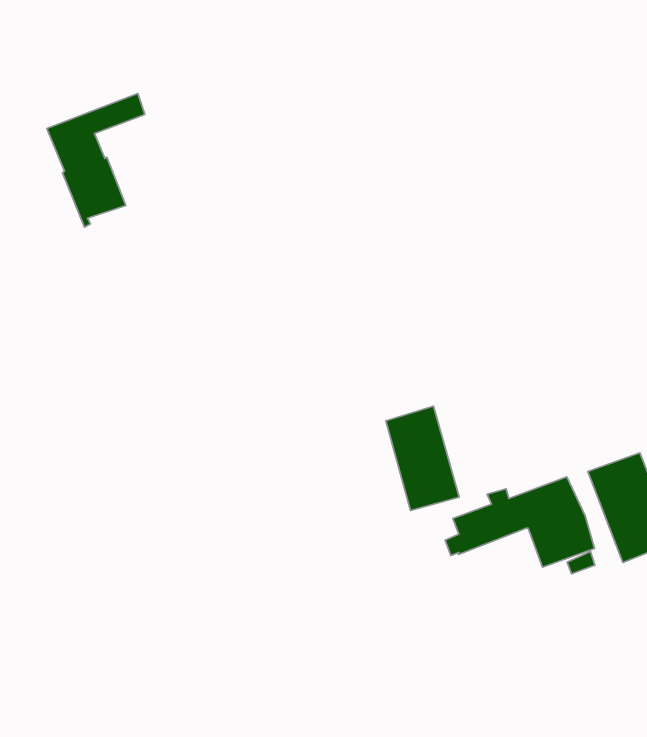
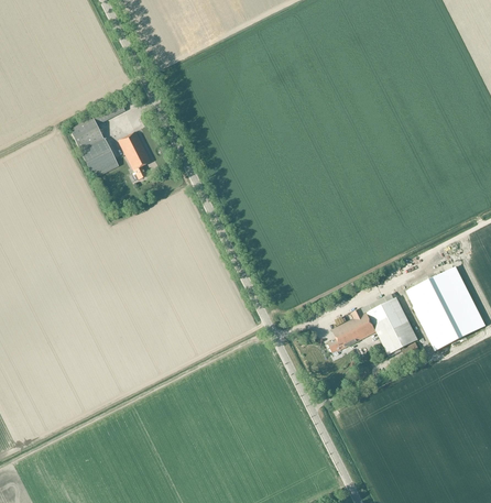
building: none -> [118,131,151,179]
building: [386,406,459,510] -> none

